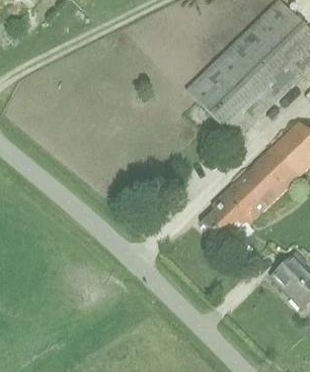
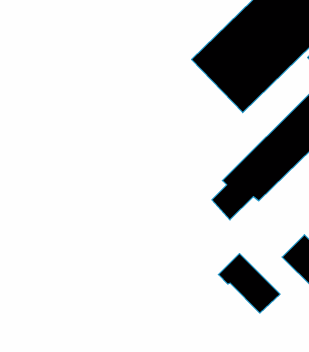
building: none -> [218,254,280,313]

